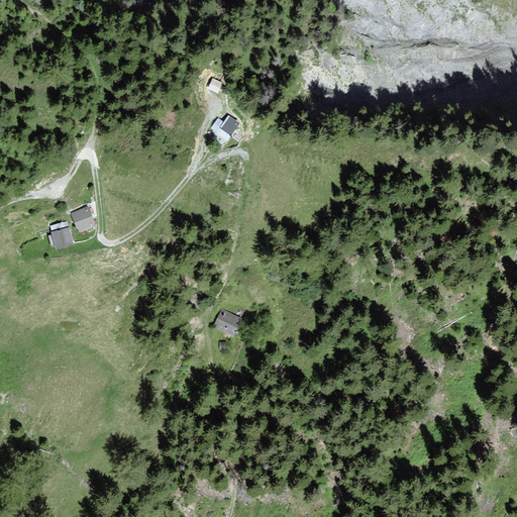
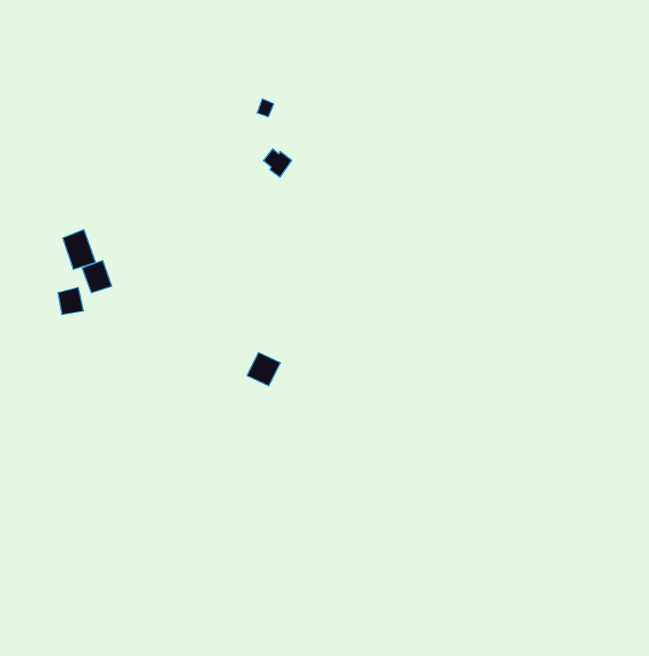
building: none -> [63,230,96,270]
building: [215,309,241,335] -> [247,353,280,386]

